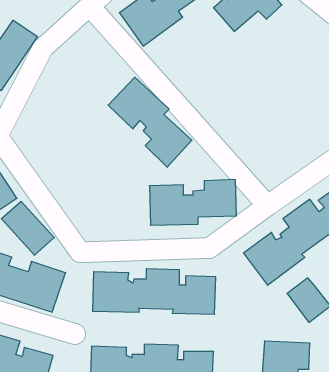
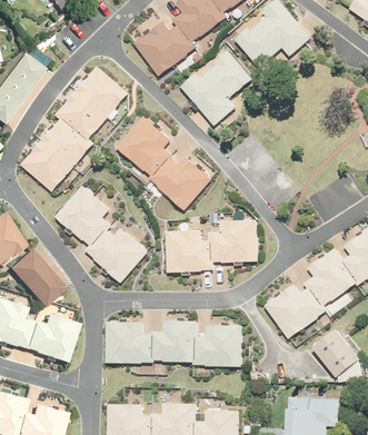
building: none -> [186,51,253,122]
building: none -> [24,66,125,192]
building: none -> [53,186,149,277]

